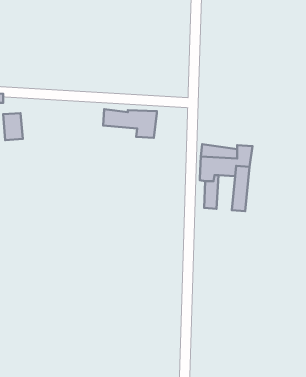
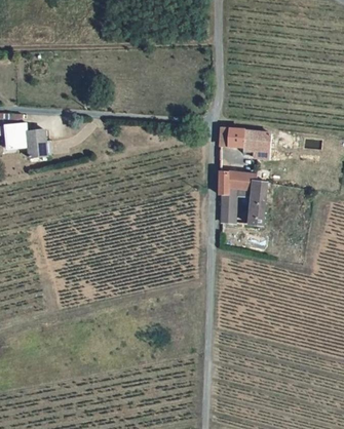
building: [103,109,157,138] -> [223,131,276,160]

